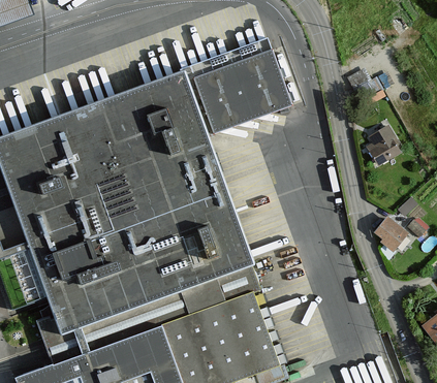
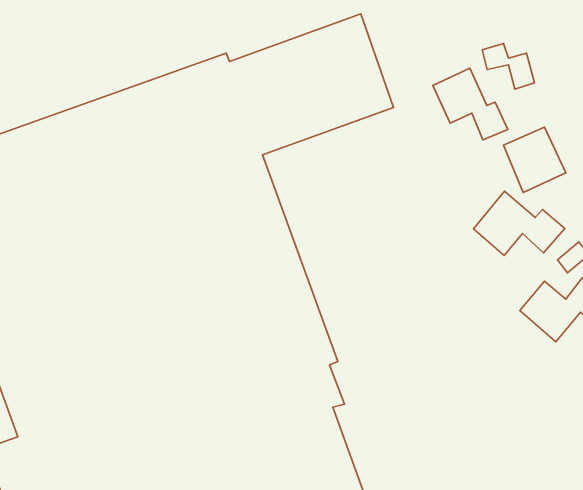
building: none -> [433,68,508,140]
building: none -> [473,191,565,255]

